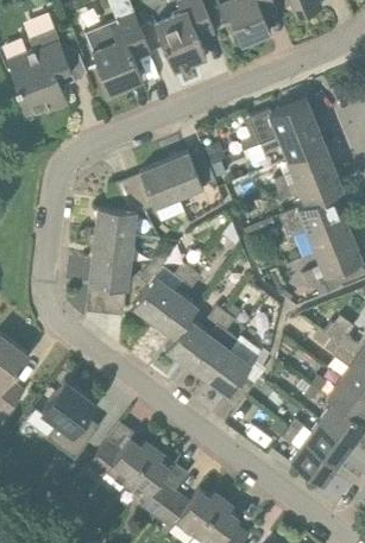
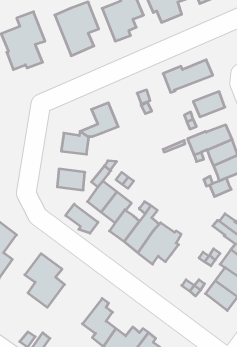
building: [260,122,326,160] -> none
building: [164,152,216,197] -> none
building: [297,169,344,206] -> none
building: [92,233,132,264] -> none
building: none -> [66,204,98,233]
building: [88,438,155,485] -> none
building: [290,441,338,485] -> none

